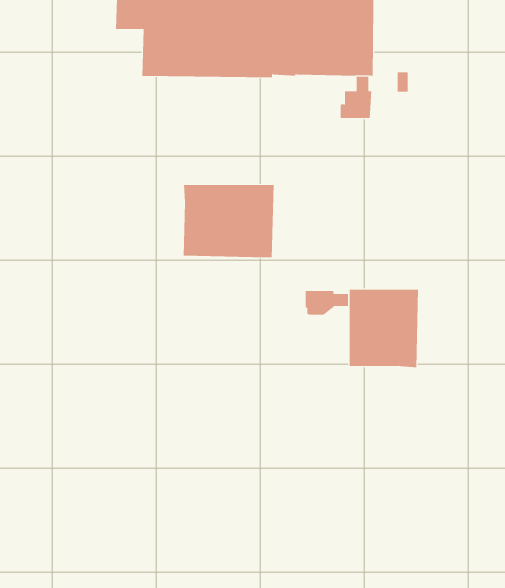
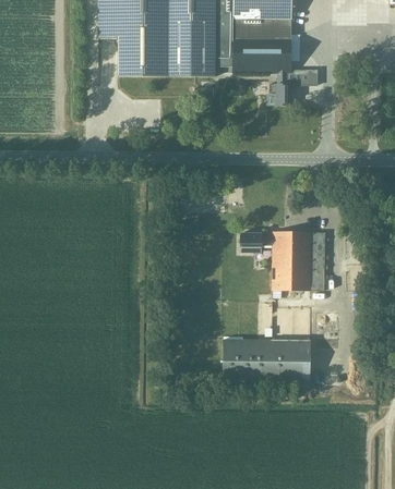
building: [183,184,274,258] -> none
building: none -> [223,338,311,383]

